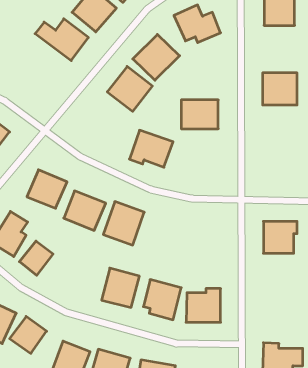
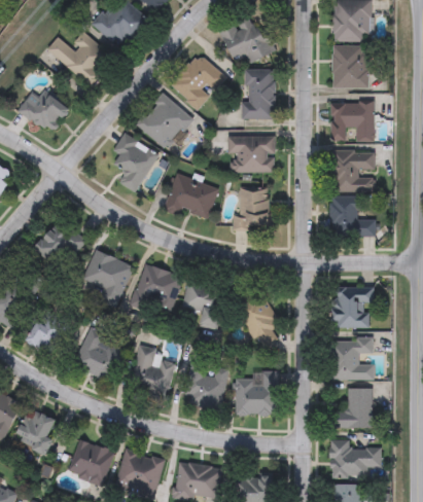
building: none -> [331,45,368,87]
building: none -> [243,69,275,118]
building: none -> [17,89,70,134]
building: none -> [108,133,158,191]
building: none -> [331,149,375,191]
building: none -> [233,187,270,228]
building: none -> [330,195,377,235]
building: none -> [181,279,225,328]
building: none -> [234,290,280,350]
building: none -> [72,326,124,385]
building: none -> [330,337,374,381]
building: none -> [333,388,373,428]

